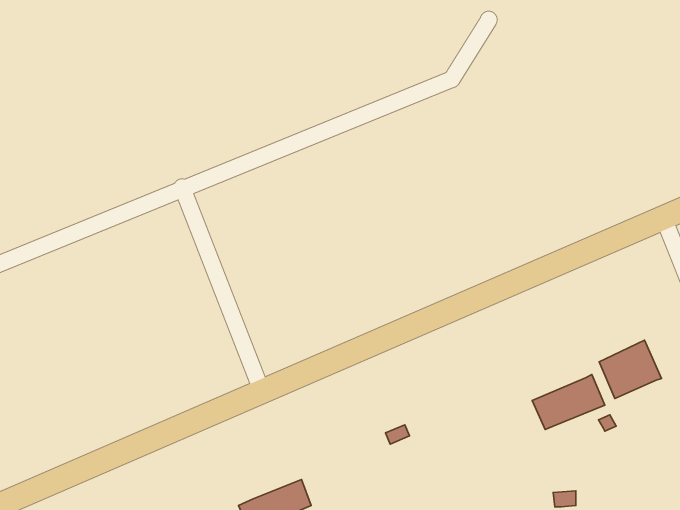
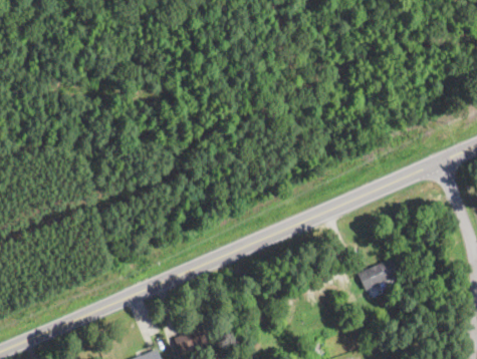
building: [599,340,661,399] -> none

